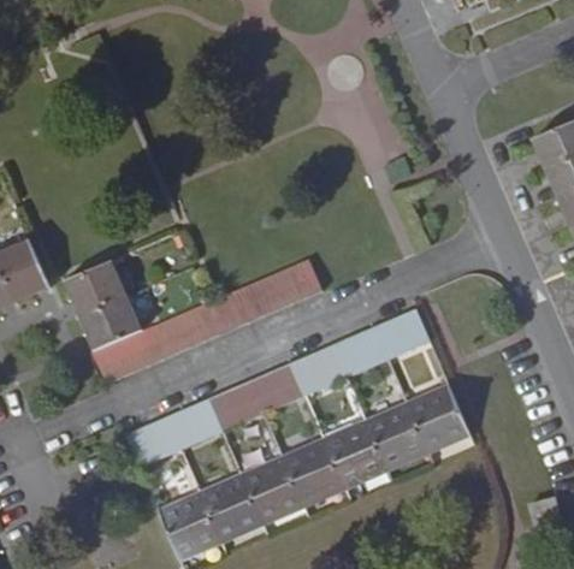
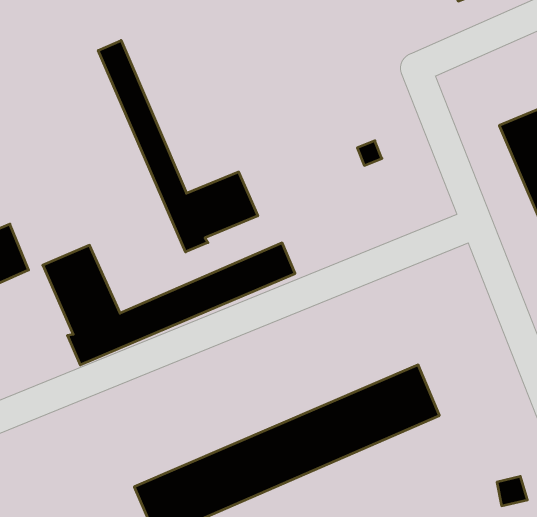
building: none -> [98,40,258,252]
building: [125,308,431,468] -> none

